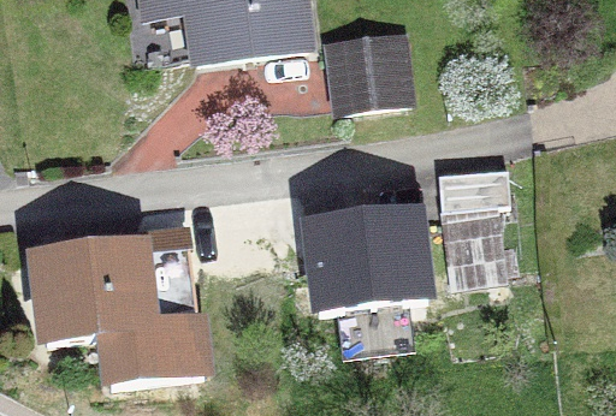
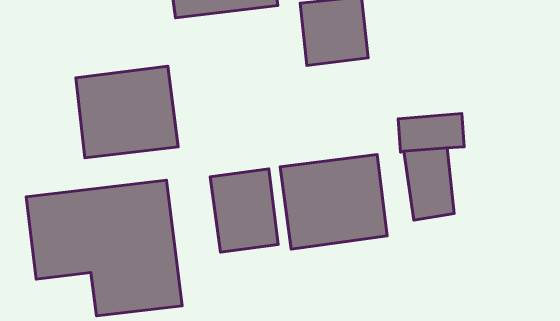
building: none -> [76,66,178,158]
building: none -> [210,169,278,252]

